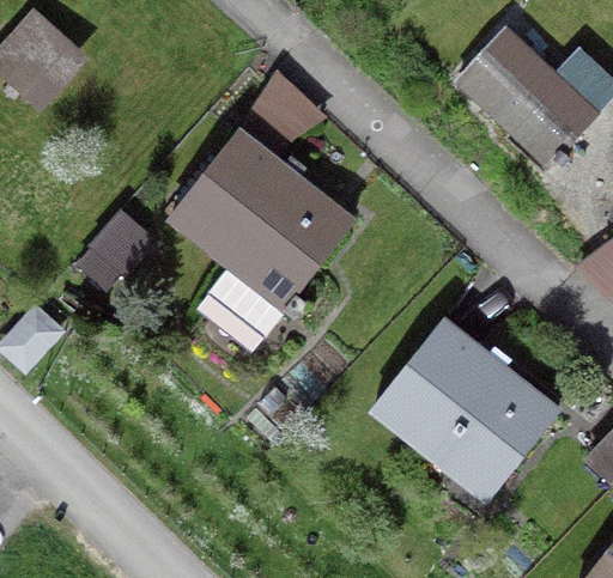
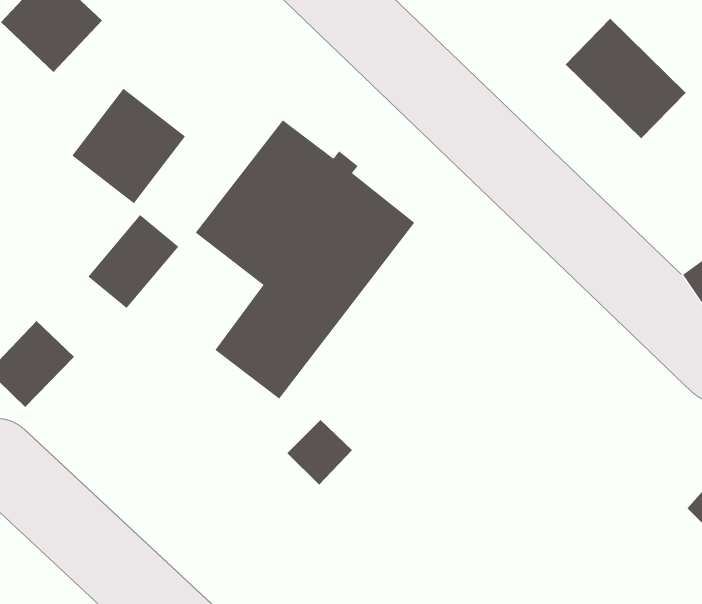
building: none -> [71,88,186,204]
building: [368,316,562,507] -> none

